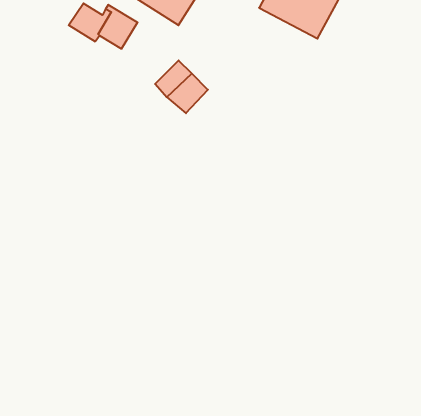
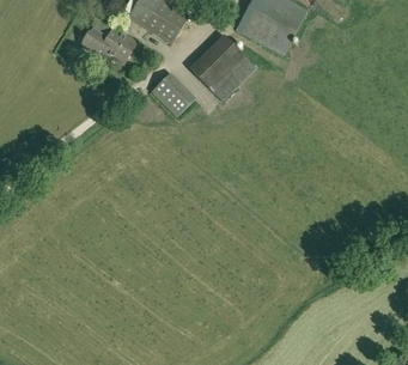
building: none -> [189,34,256,101]

